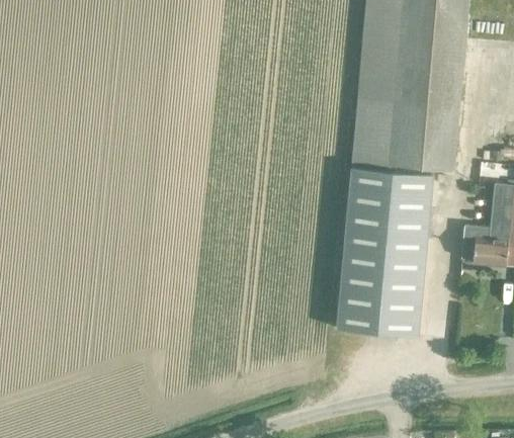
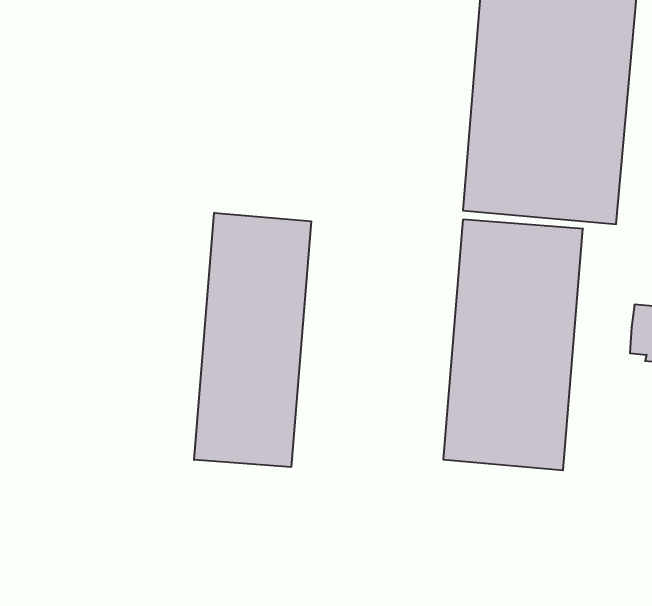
building: none -> [194,213,311,467]

